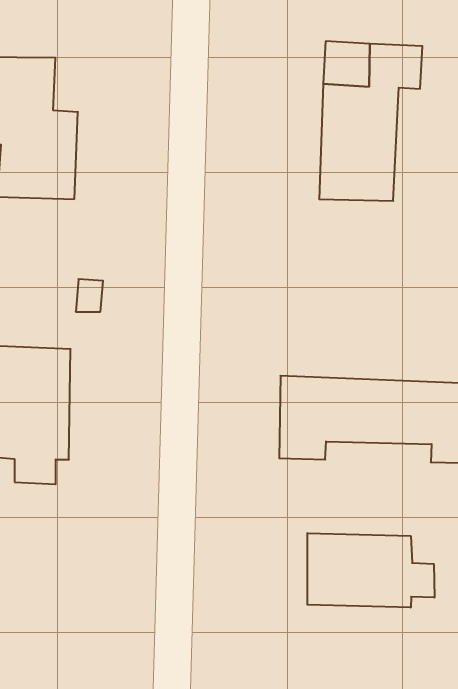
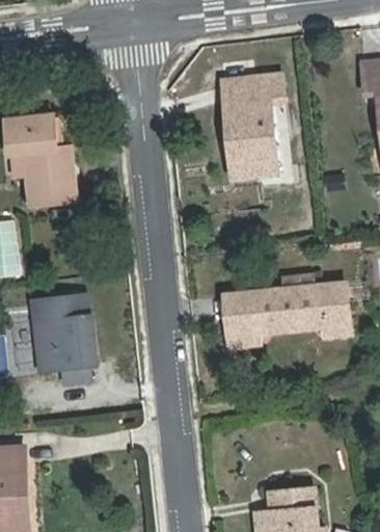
building: [307,533,434,608] -> none

